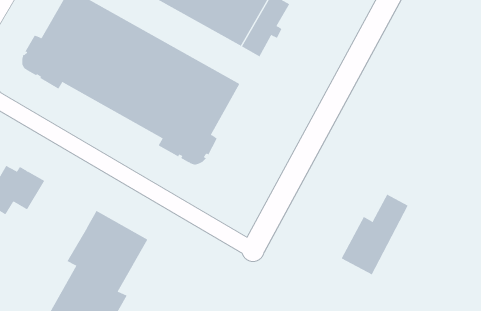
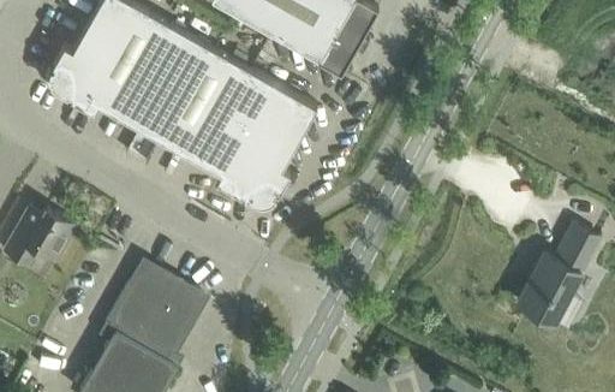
building: [341,194,408,275] -> [515,225,598,325]

